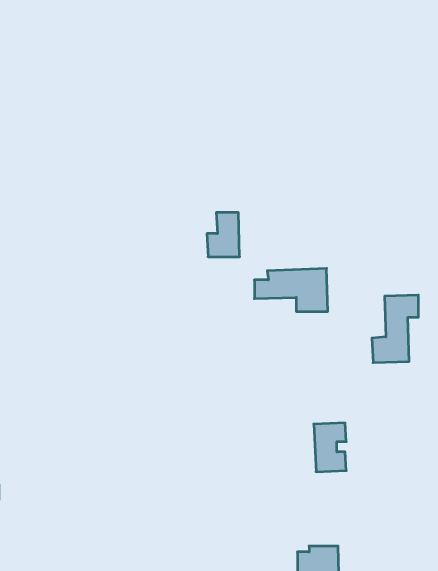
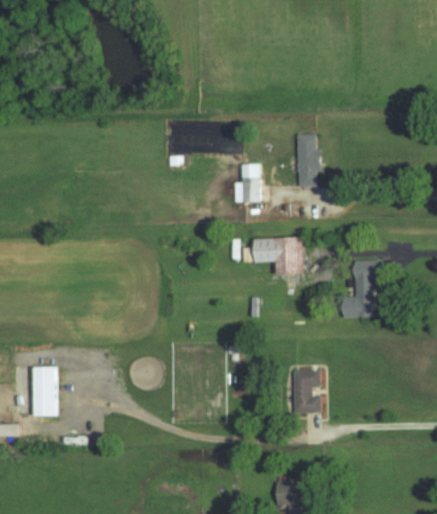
building: none -> [295,135,320,186]
building: [207,213,240,257] -> [232,164,260,202]
building: none -> [33,366,57,418]

